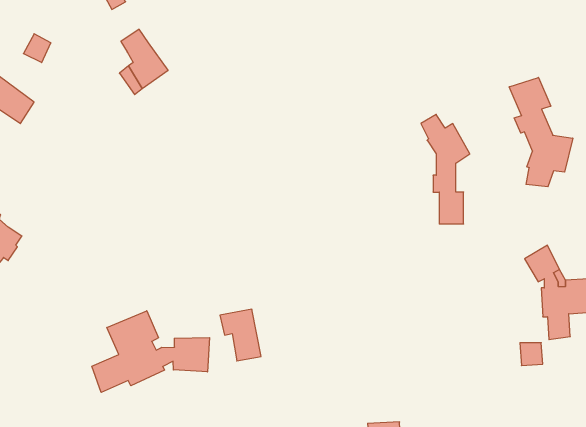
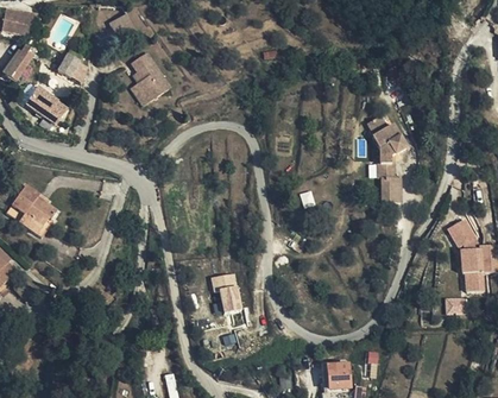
building: [509,77,573,187] -> none
building: [92,311,209,392] -> none

